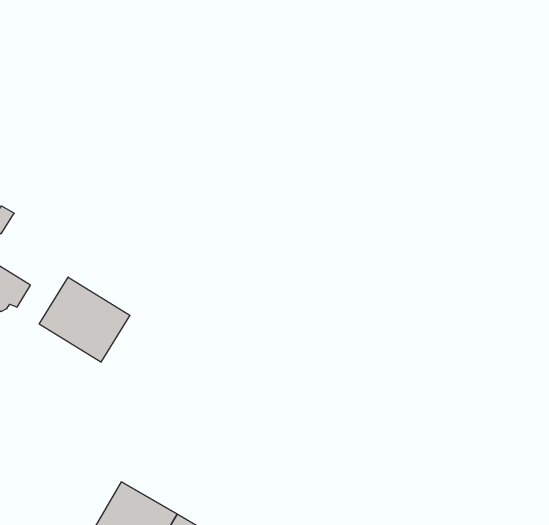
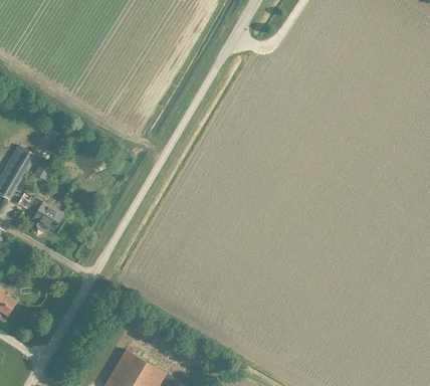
building: [39,277,130,362] -> none

